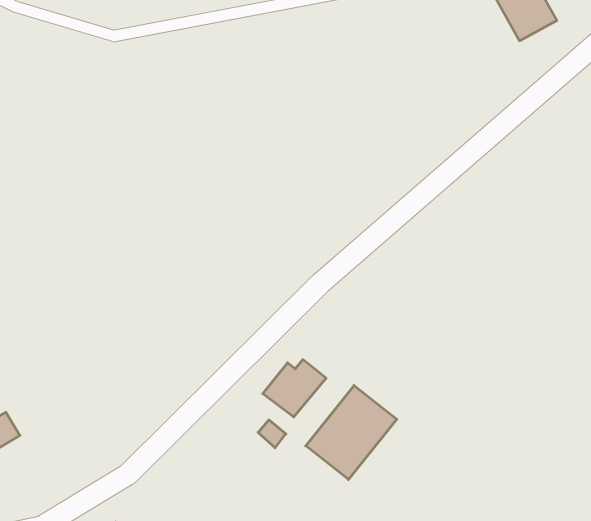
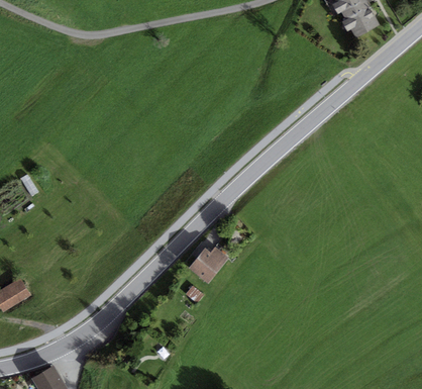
building: [306,385,397,480] -> none

